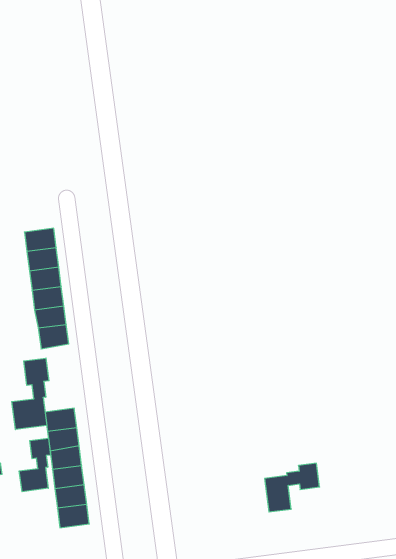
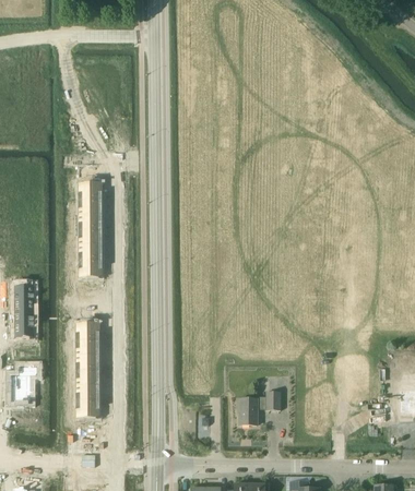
building: [12,358,49,430] -> none
building: [19,438,51,492] -> none

